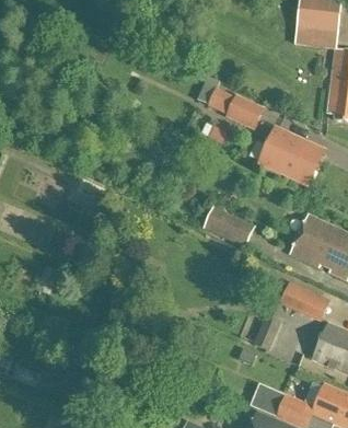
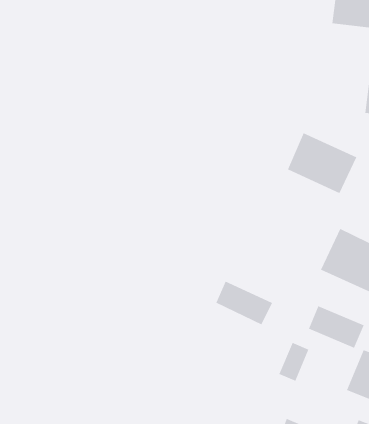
building: [195,80,265,128] -> none
building: [204,210,255,250] -> [215,281,273,325]

